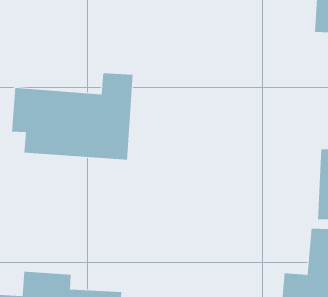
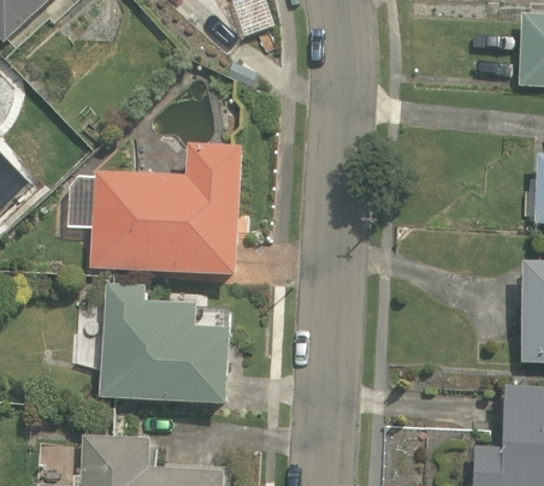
building: none -> [96,277,233,404]

